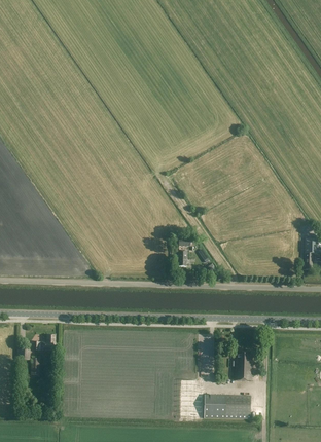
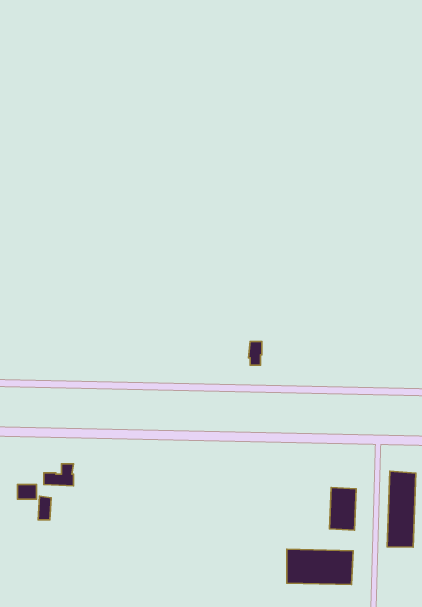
building: none -> [387,471,416,547]

